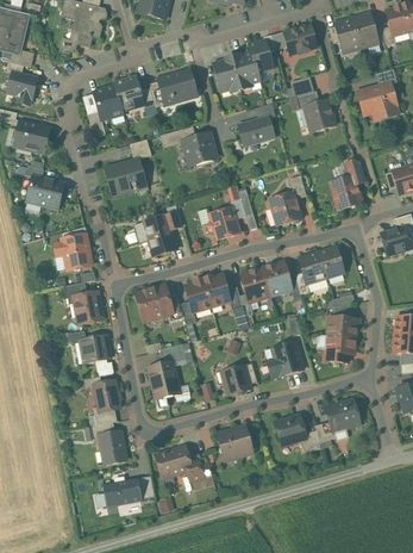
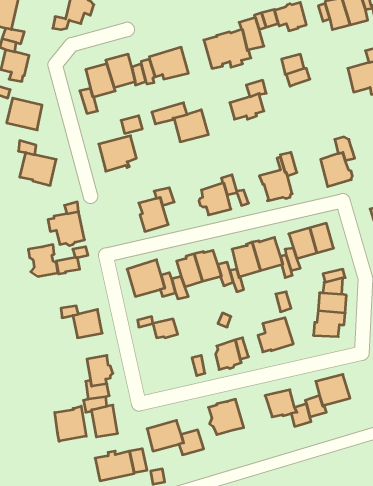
building: [305,99,334,131] -> none
building: [73,291,102,323] -> [28,245,58,276]
building: [148,361,179,398] -> none
building: none -> [55,406,86,441]

